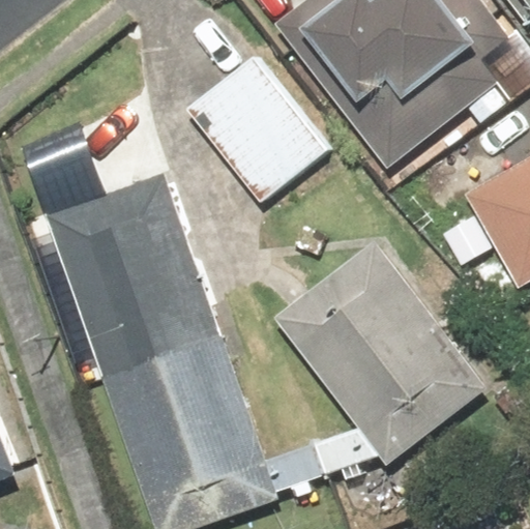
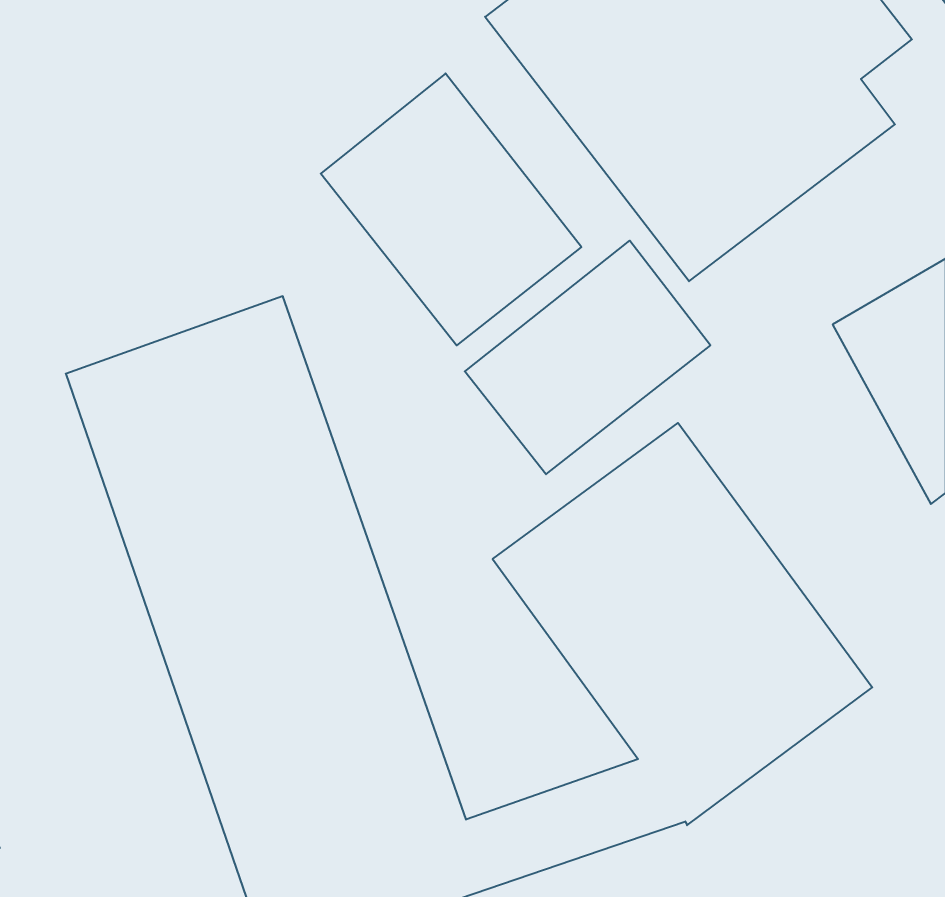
building: none -> [465,241,710,474]

